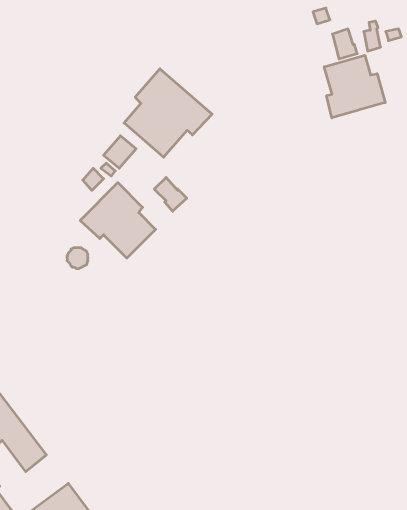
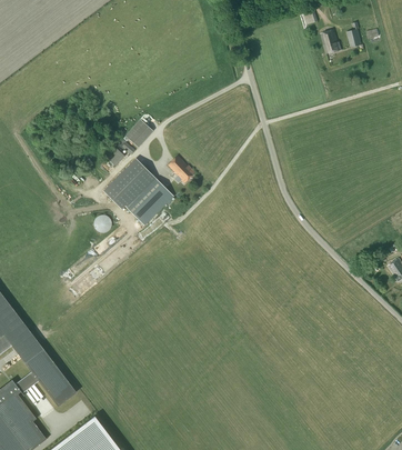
building: [324,55,385,118] -> none
building: [124,69,212,157] -> none

